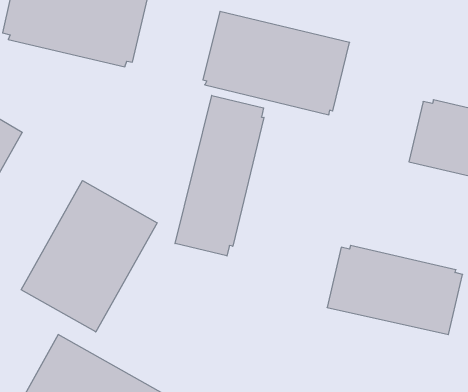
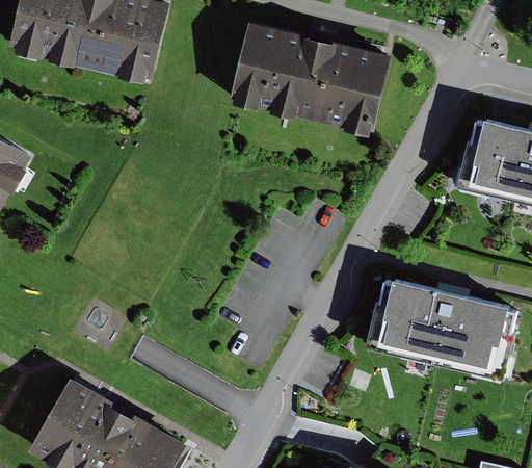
building: [175,95,264,256] -> none
building: [21,181,157,332] -> none

